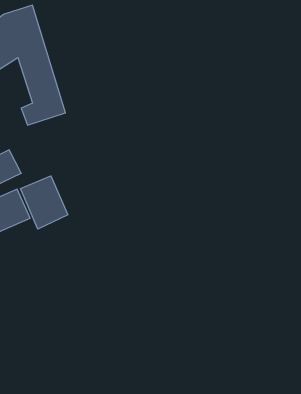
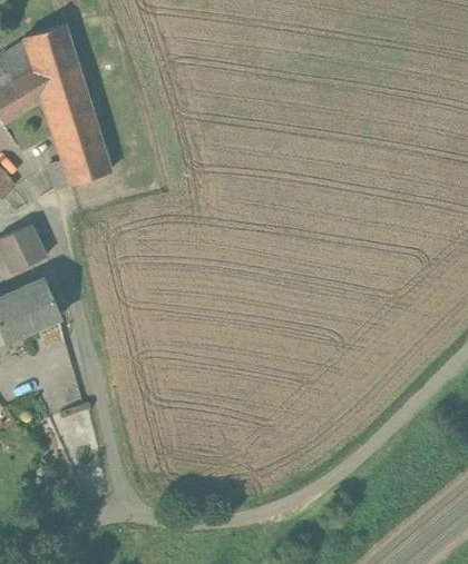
building: [20,176,68,229] -> none

